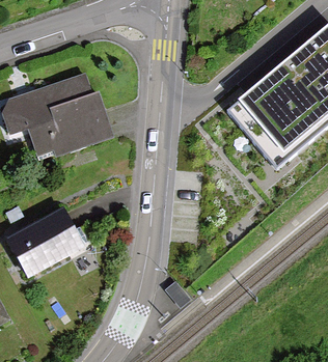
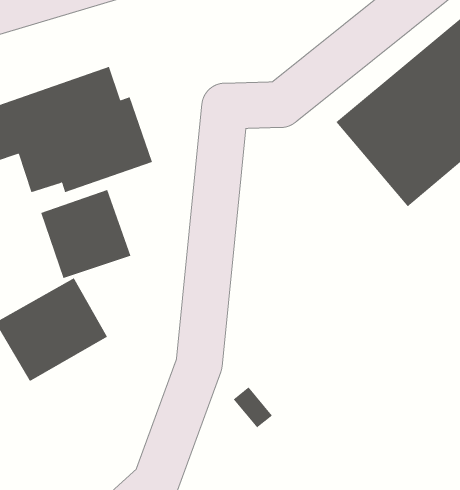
building: none -> [40,189,131,279]

